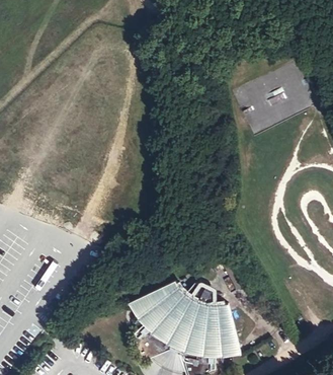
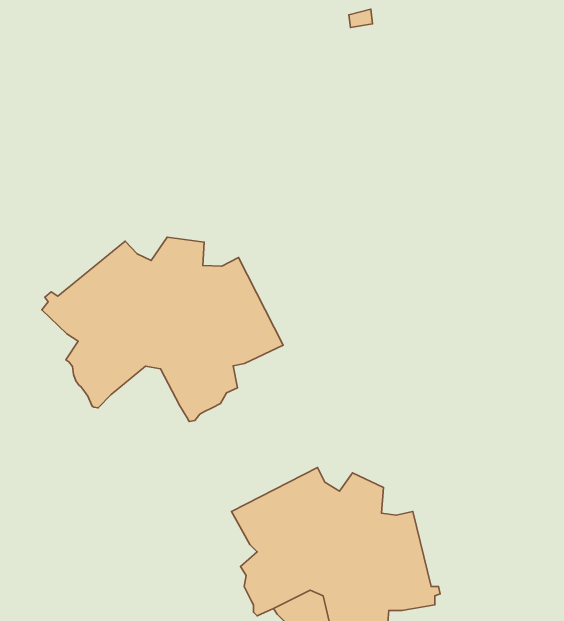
building: none -> [42,237,283,422]

